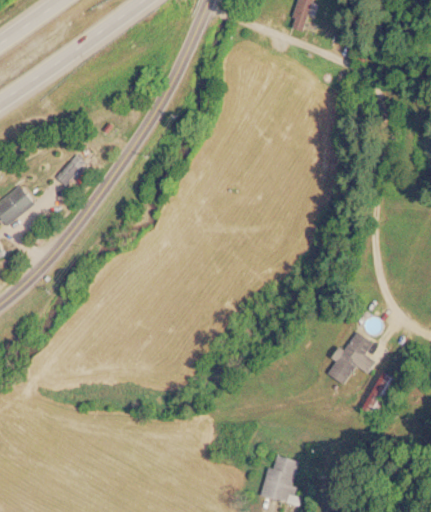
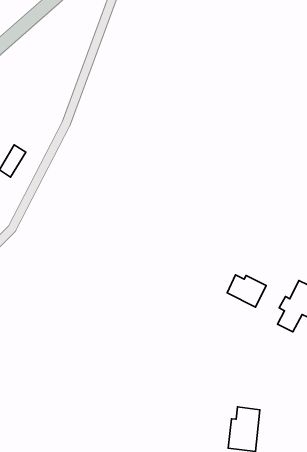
building: none -> [227,275,266,307]

